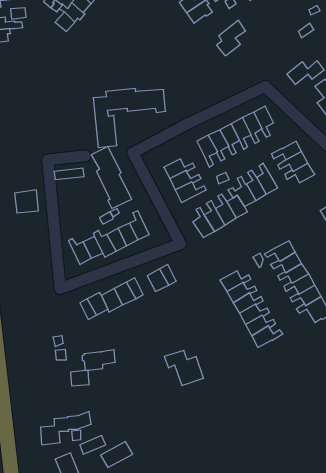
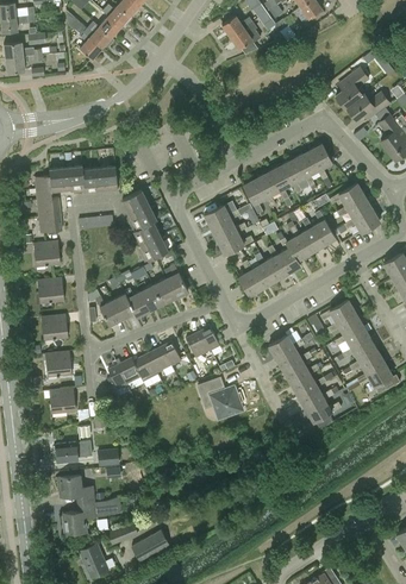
building: [217,20,246,56] -> [336,67,369,107]
building: [93,89,166,148] -> [35,165,118,233]
building: none -> [37,277,64,303]
building: none -> [40,314,68,340]
building: none -> [44,351,71,376]
building: none -> [49,388,75,413]
building: [82,350,115,371] -> [54,439,92,463]
building: [164,350,204,386] -> [198,378,243,419]
building: none -> [58,475,94,503]

